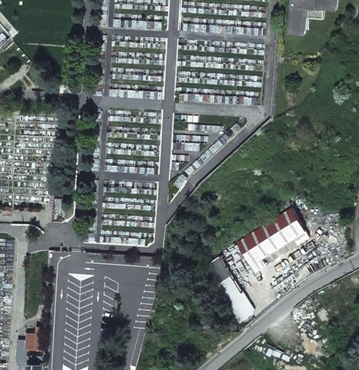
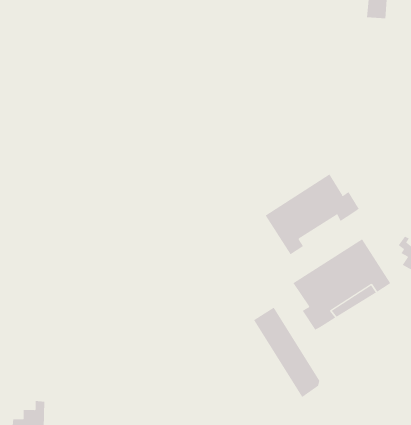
building: none -> [265,174,360,255]

